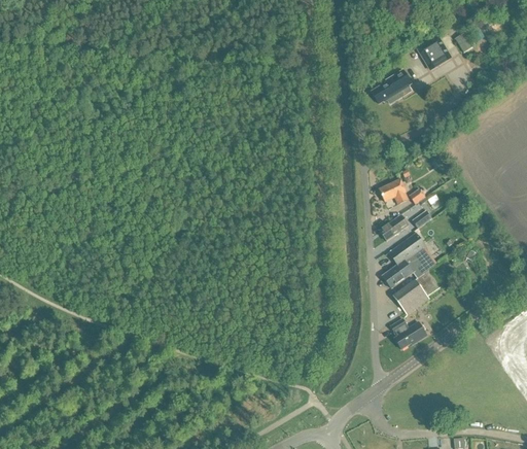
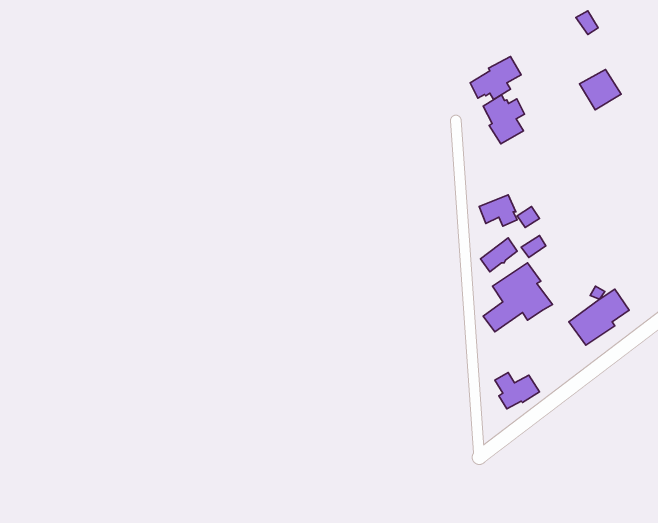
building: [418,38,451,70] -> [579,69,621,110]
building: none -> [483,95,524,144]
building: [393,270,441,314] -> [569,289,629,345]

